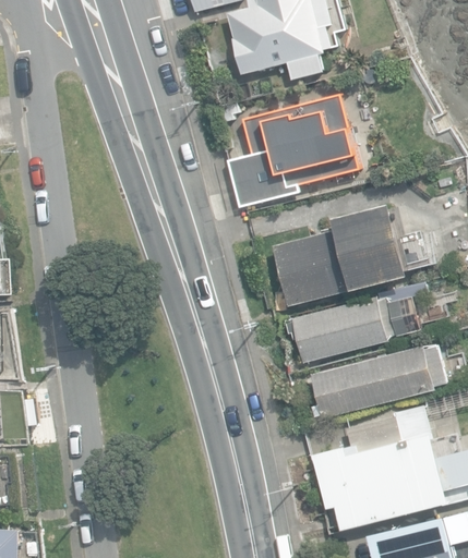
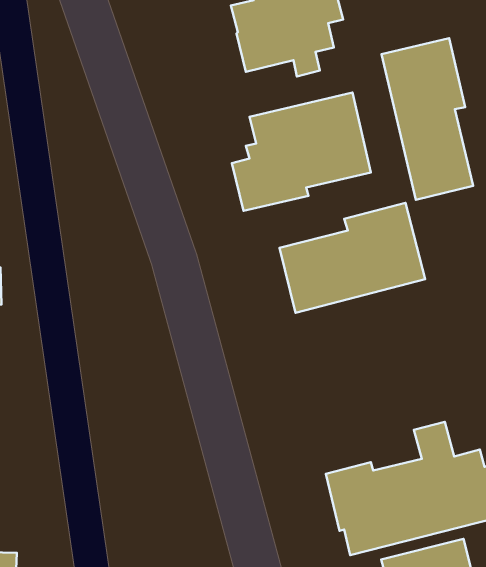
building: none -> [381,38,473,200]
building: [285,283,428,364] -> none
building: [311,347,449,421] -> none

